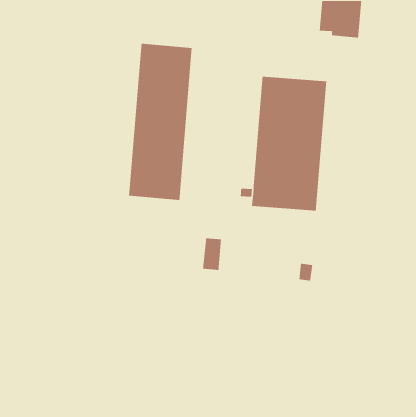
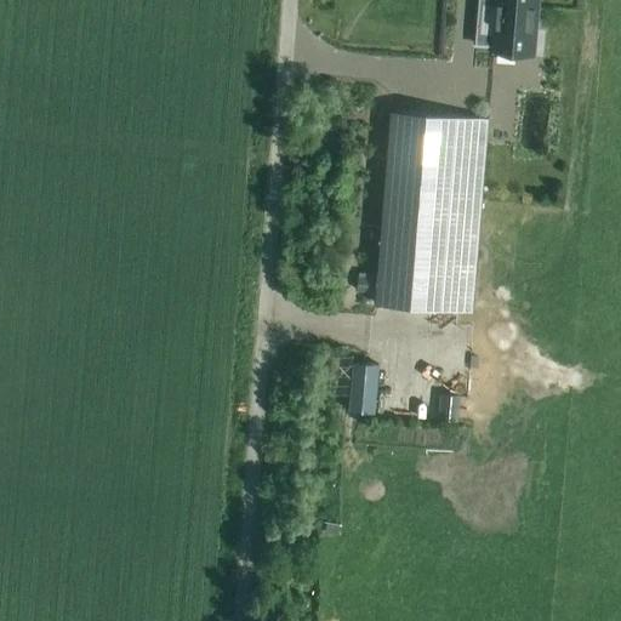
building: [128,43,193,201] -> none
building: [202,237,222,271] -> [351,364,380,414]

